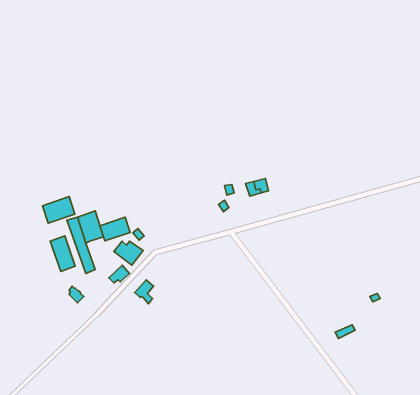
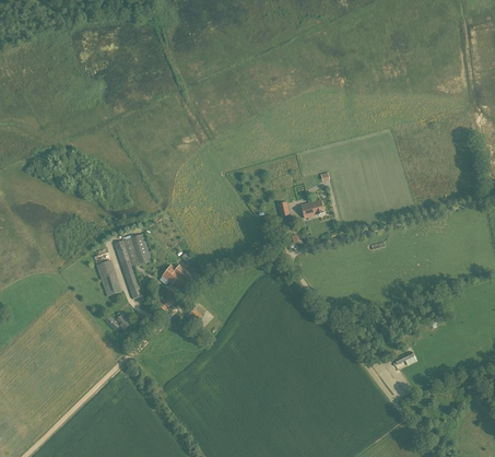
building: [42,197,75,223] -> none
building: [100,217,130,241] -> none

